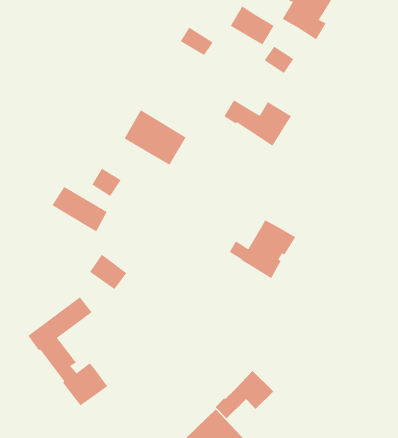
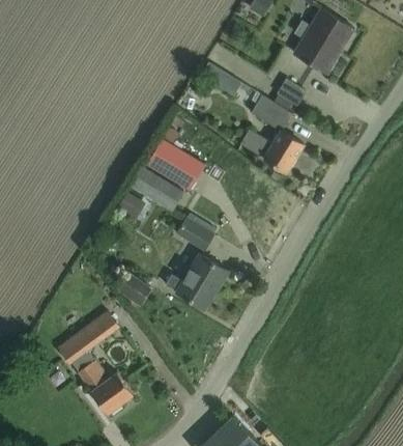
building: [230,6,274,45] -> [251,94,292,131]
building: [52,186,108,232] -> [132,167,183,210]
building: none -> [177,218,213,249]
building: [229,219,296,279] -> [166,254,228,309]
building: [215,370,274,419] -> none

